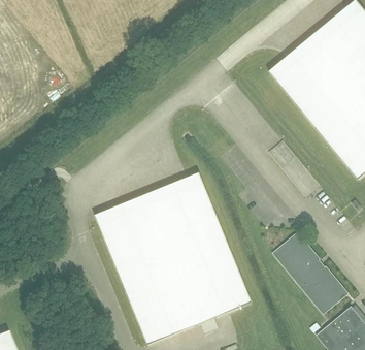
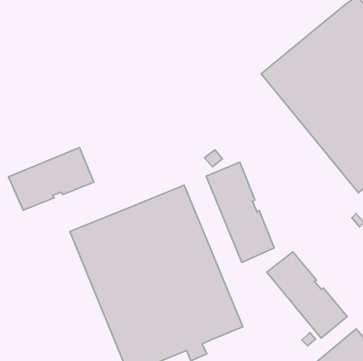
building: none -> [8,147,94,210]
building: none -> [206,162,274,262]

